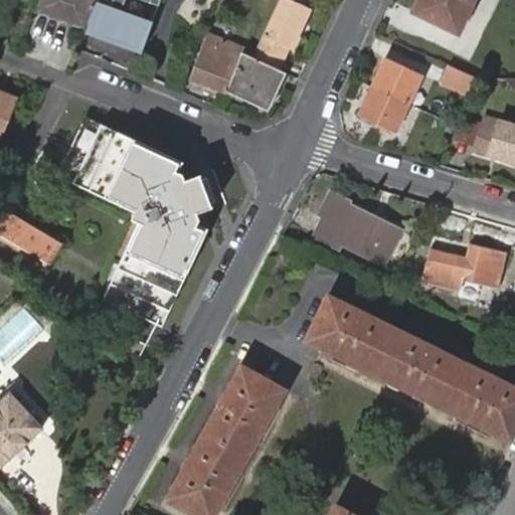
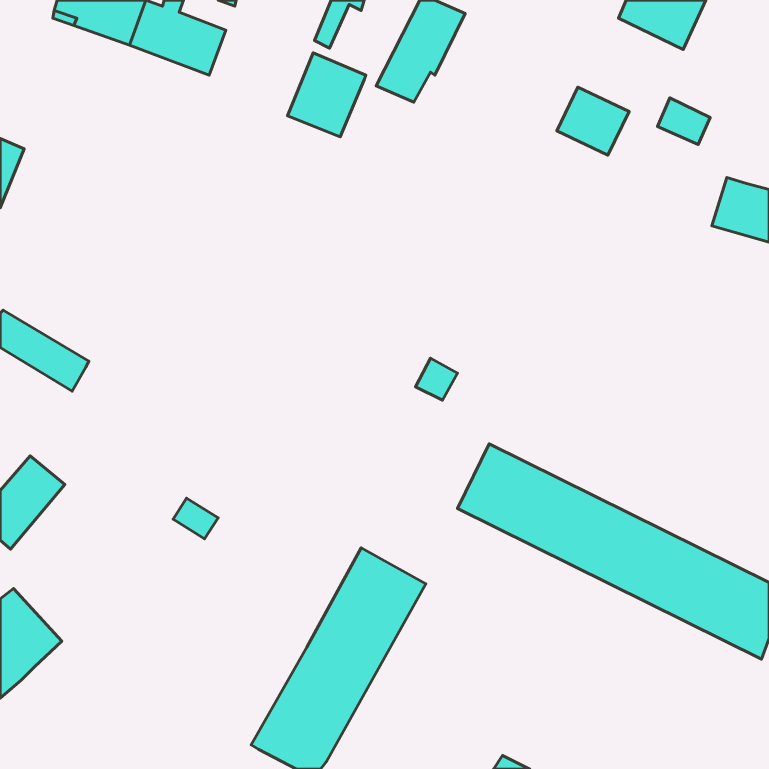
building: [227,53,286,111] -> none
building: [359,88,406,131] -> none
building: [64,124,212,319] -> none
building: [315,200,399,266] -> none
building: [421,243,506,290] -> none

